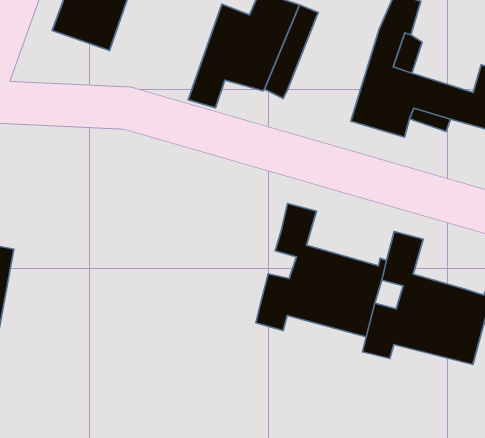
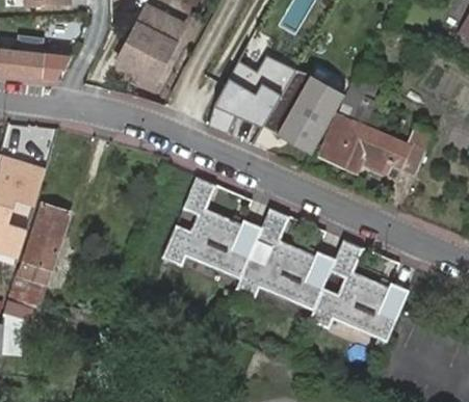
building: none -> [280,75,345,148]
building: none -> [161,178,261,279]

